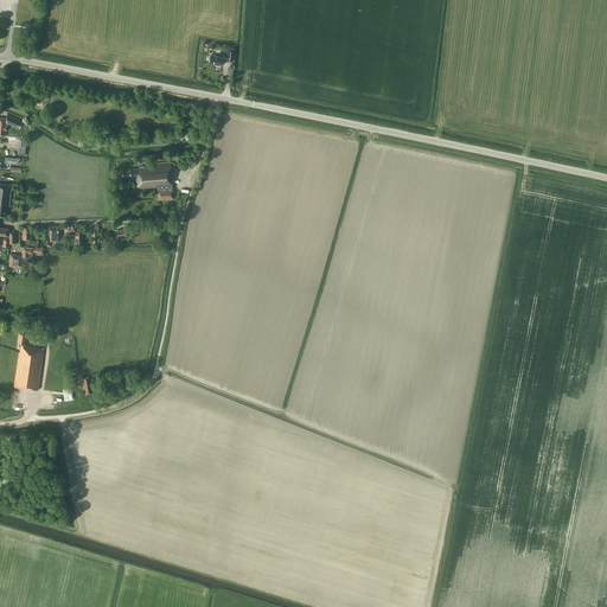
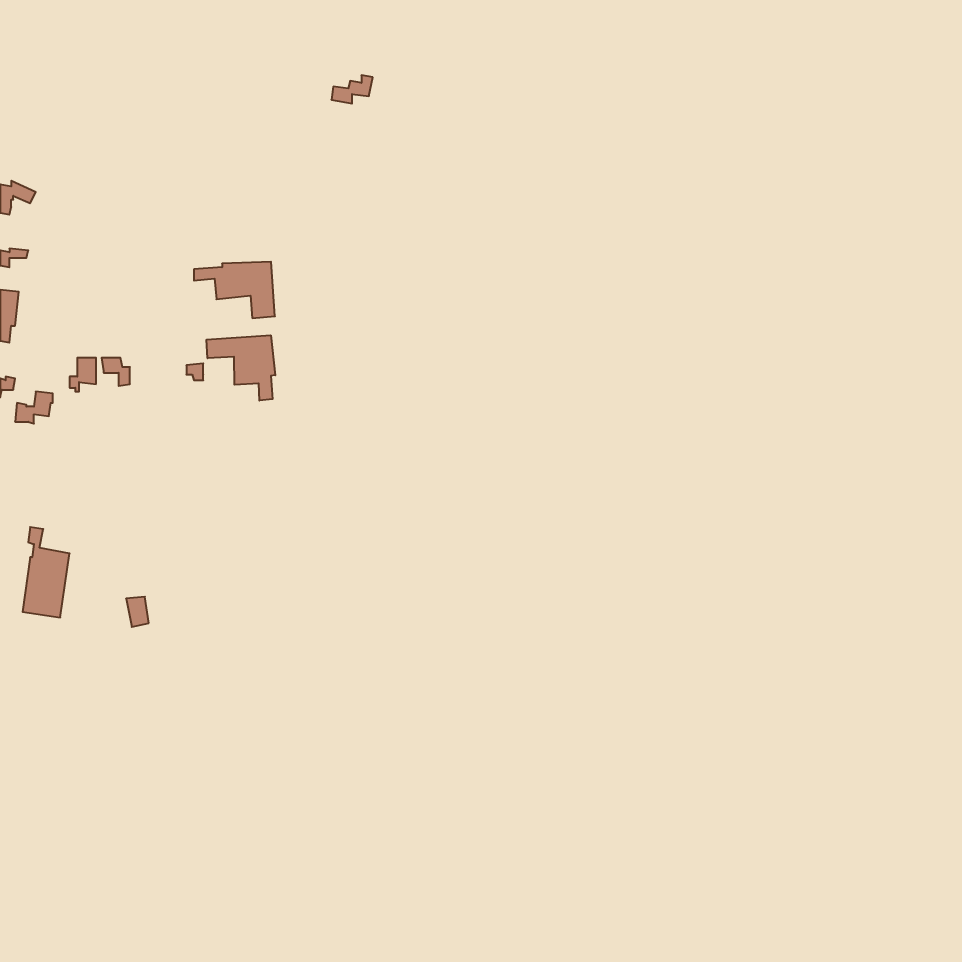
building: none -> [207,335,275,401]

